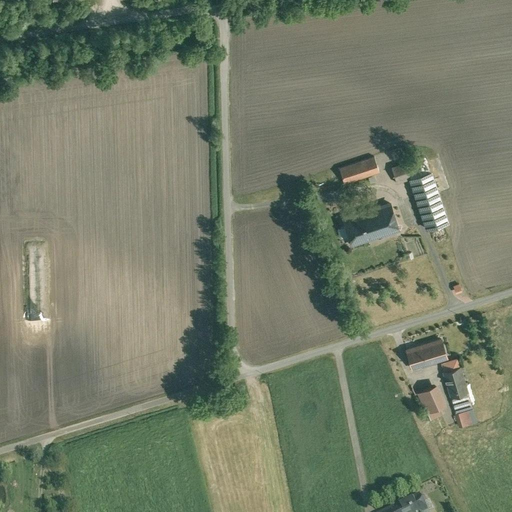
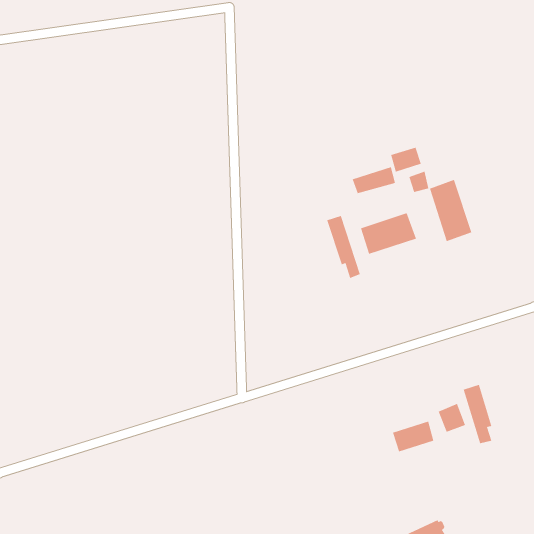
building: none -> [391,147,422,173]
building: none -> [326,215,360,279]
building: [405,340,445,370] -> [392,421,434,452]

